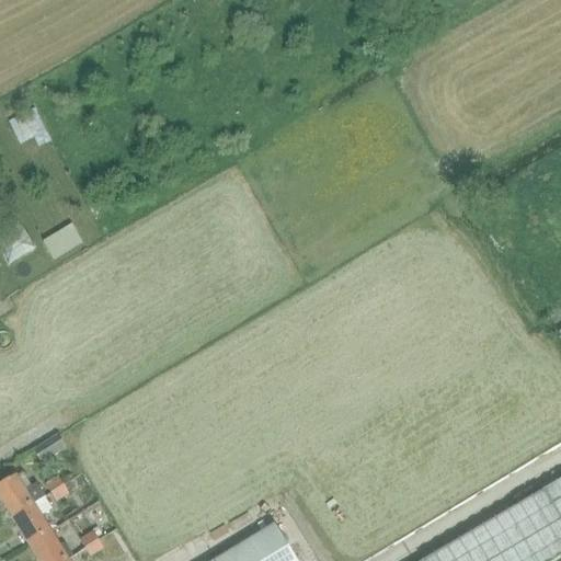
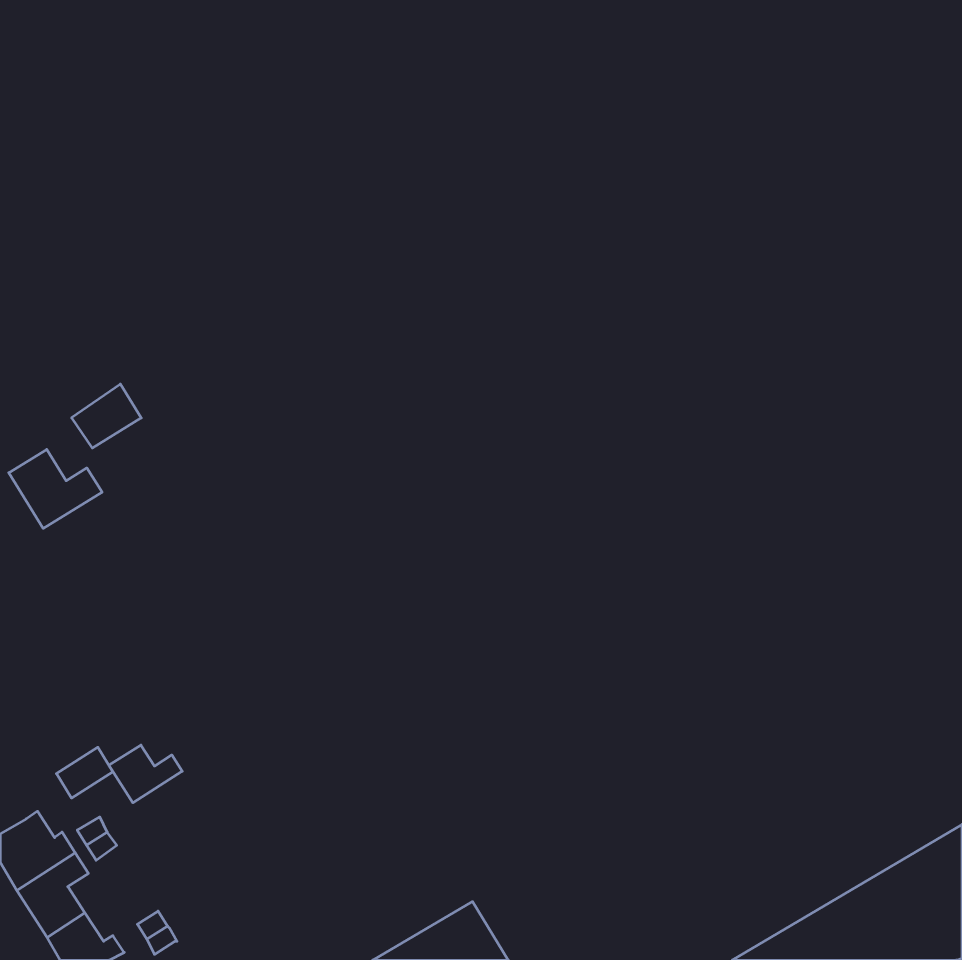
building: none -> [9,449,102,528]
building: none -> [109,745,182,803]

